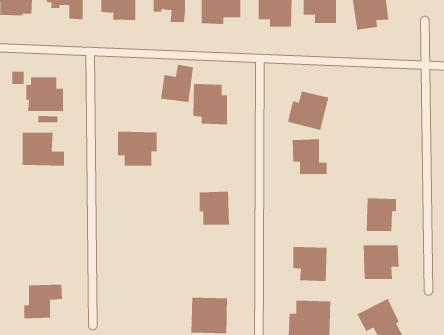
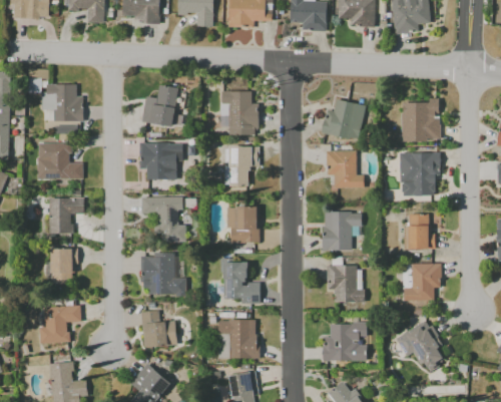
building: [160,64,194,103] -> [141,85,177,126]
building: none -> [401,98,440,141]
building: none -> [223,146,259,185]
building: none -> [400,152,440,195]
building: none -> [141,196,185,242]
building: none -> [48,197,84,235]
building: none -> [323,212,362,251]
building: none -> [51,249,76,284]
building: none -> [140,253,185,295]
building: none -> [222,263,260,303]
building: none -> [143,311,176,347]

